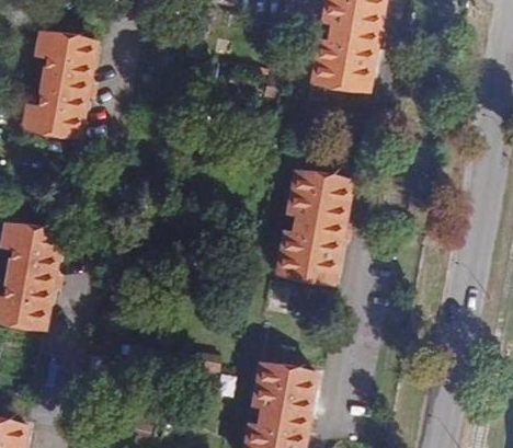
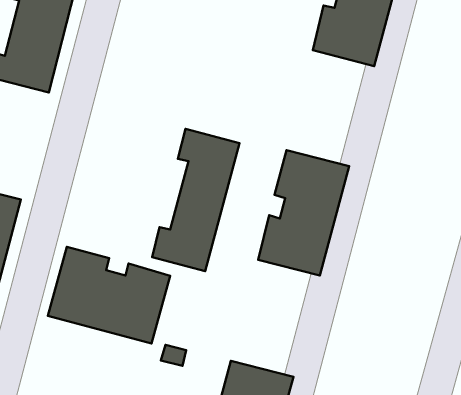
building: none -> [152,129,239,271]
building: none -> [48,247,170,343]

